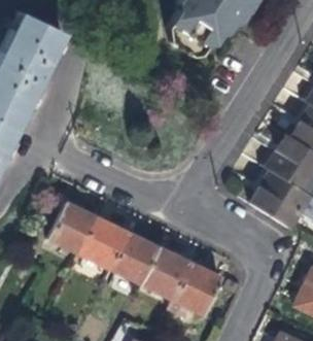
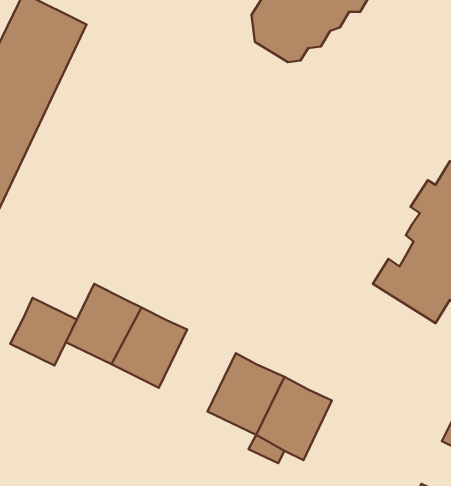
building: none -> [10,298,77,366]
building: [109,231,160,284] -> none

